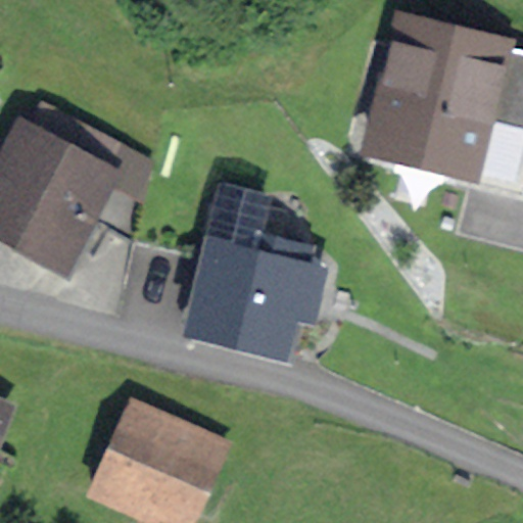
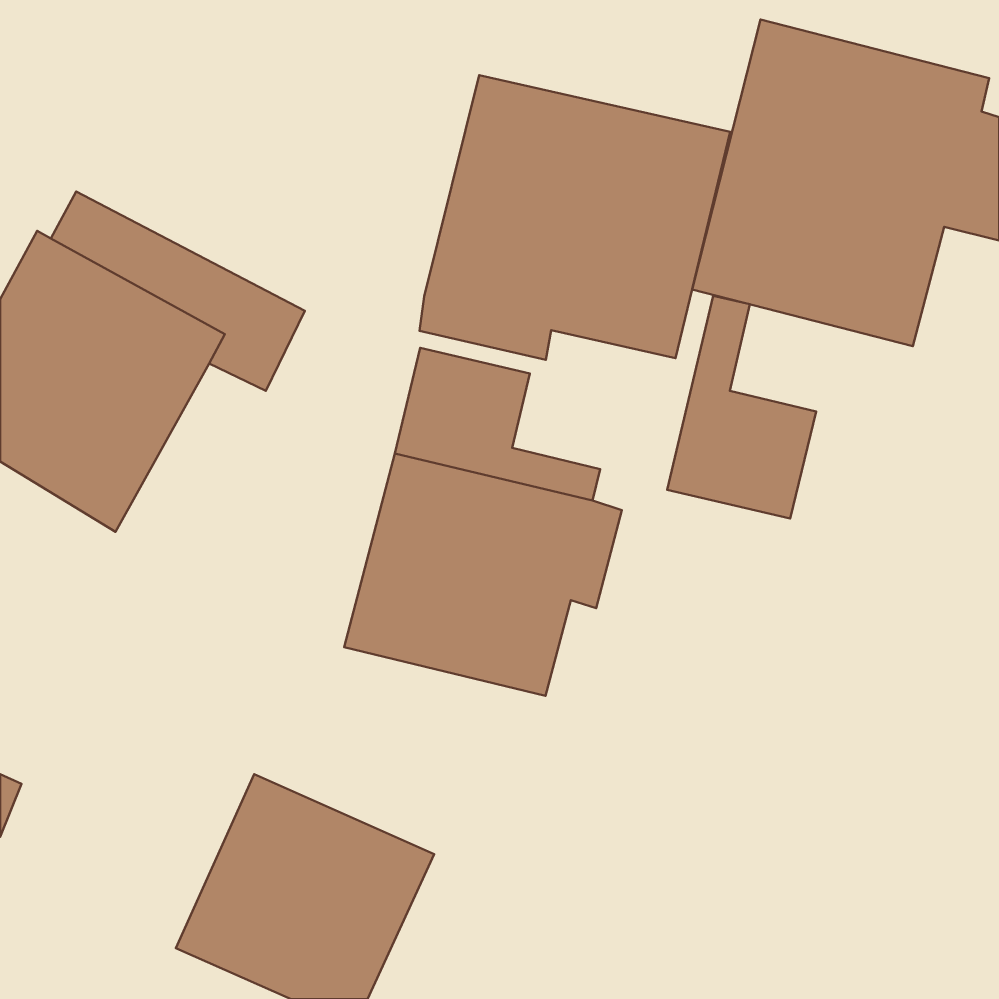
building: none -> [419,75,730,360]
building: none -> [667,296,816,519]

